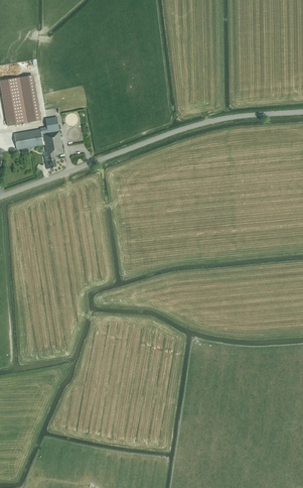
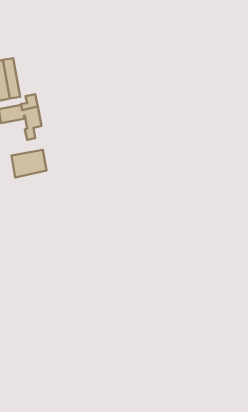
building: none -> [11,150,46,177]

